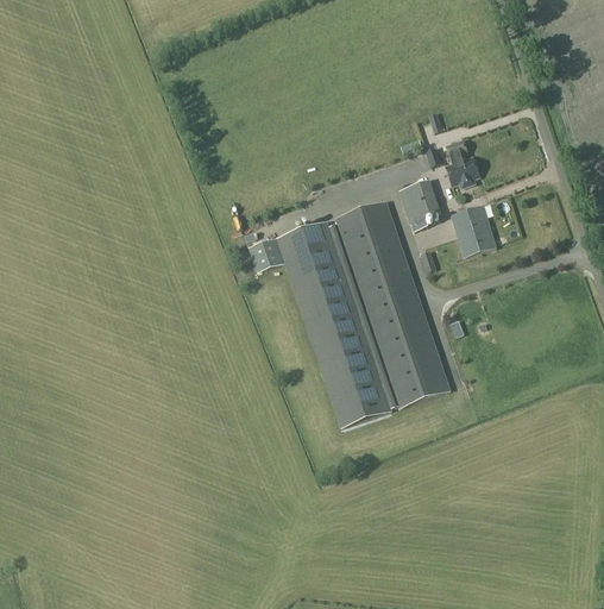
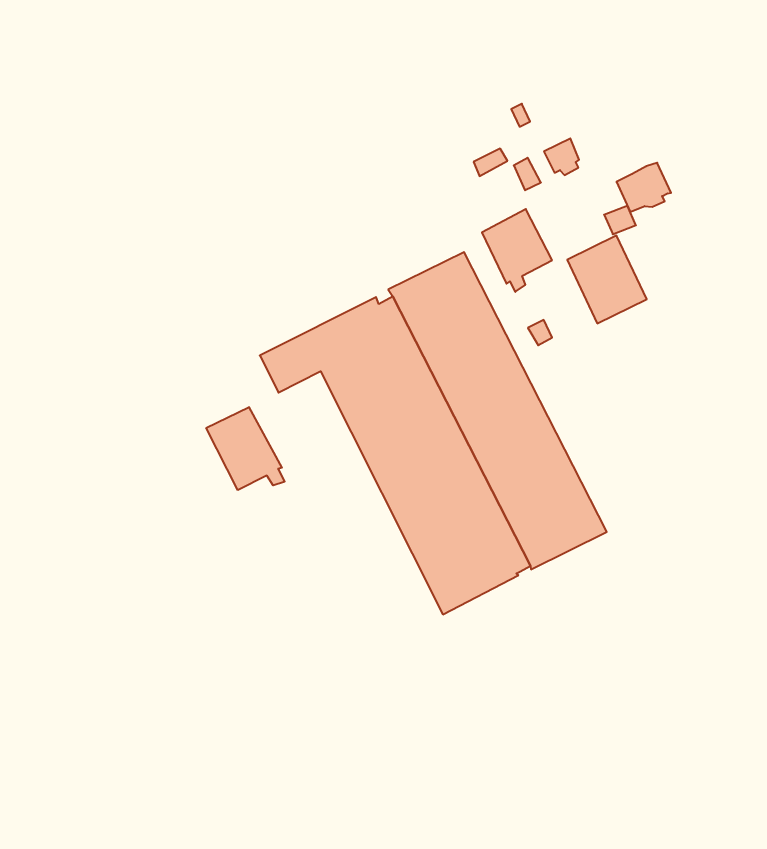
building: [446,157,479,186] -> [616,163,671,212]
building: none -> [206,407,285,490]

